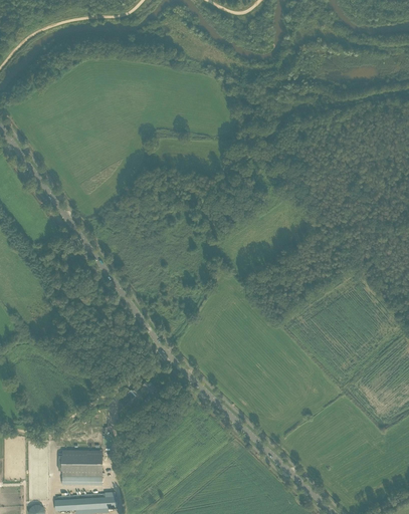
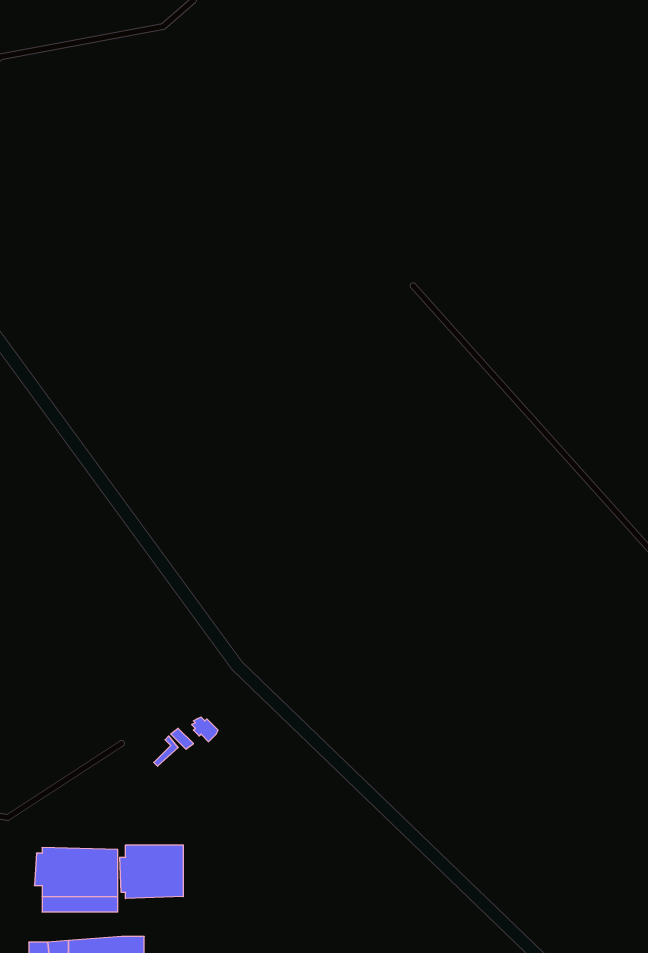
building: none -> [120,845,183,899]

